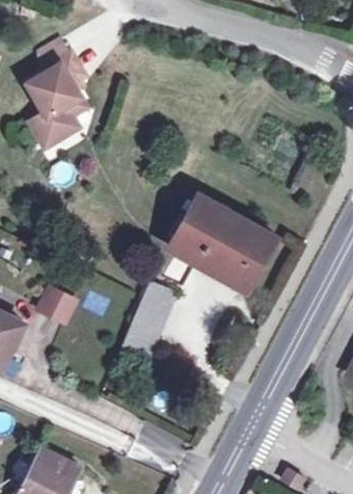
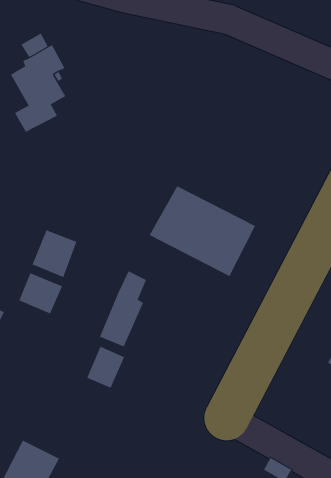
building: none -> [32,229,77,278]
building: none -> [87,346,125,388]

